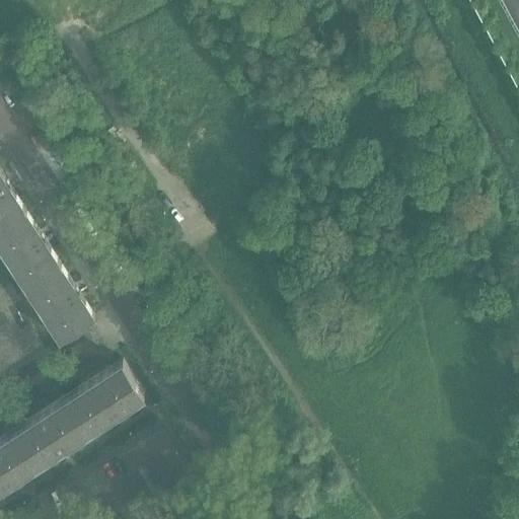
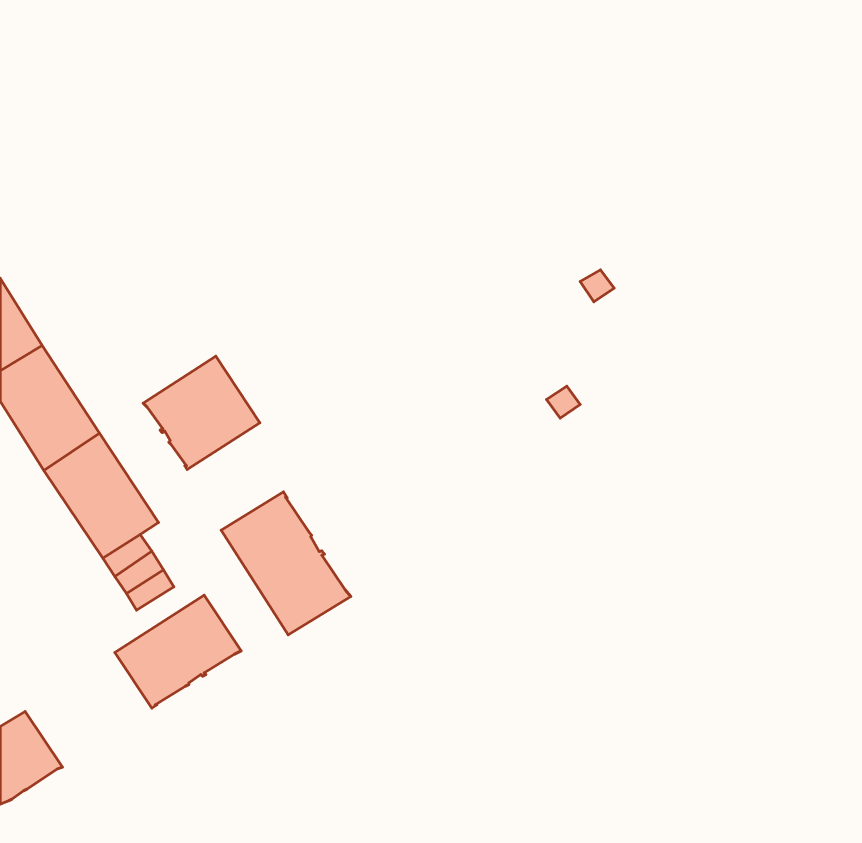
building: none -> [143,356,260,470]
building: none -> [221,492,351,635]
building: [15,403,91,472] -> none

